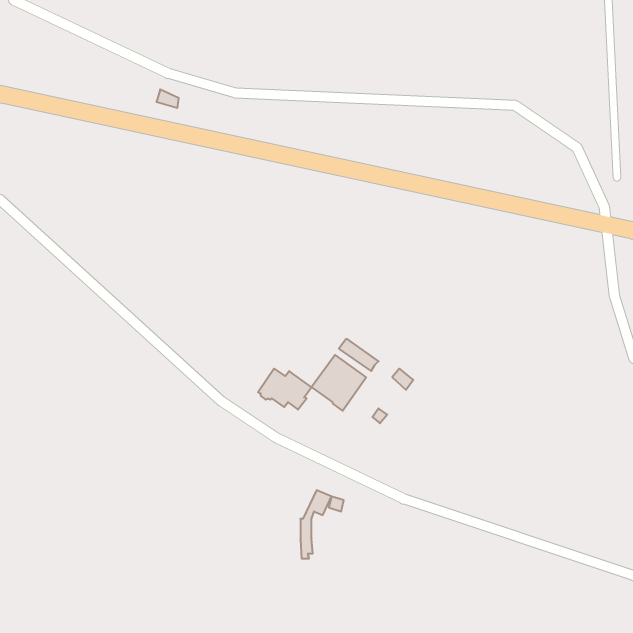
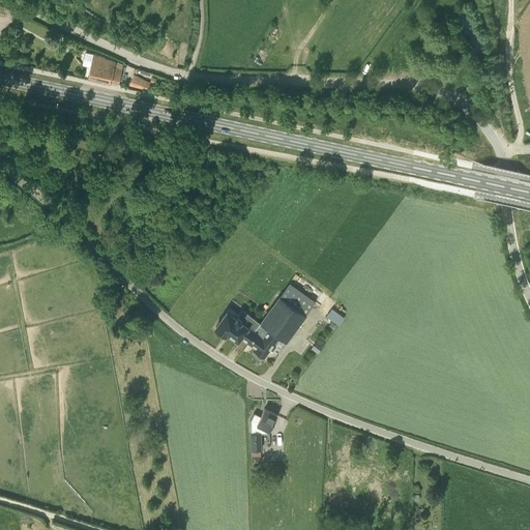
building: none -> [82,52,123,85]
building: none -> [249,324,278,356]

